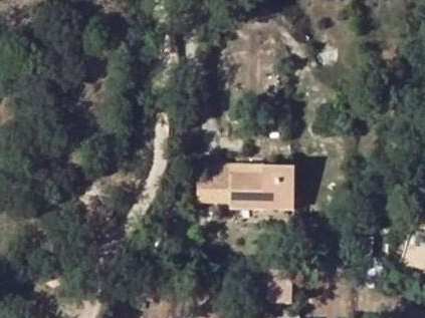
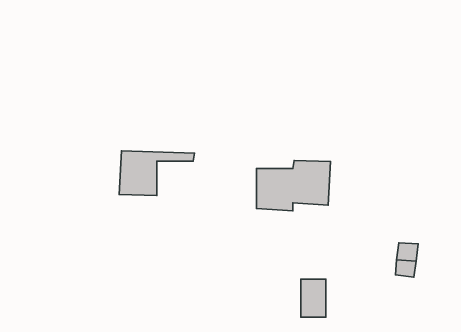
building: [197,165,263,204] -> [119,151,194,196]

